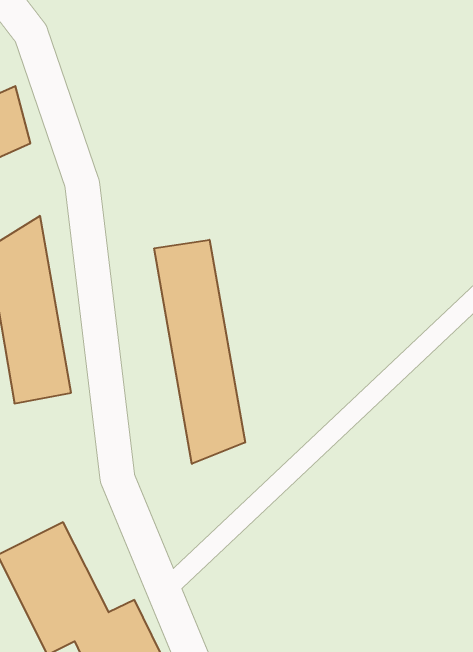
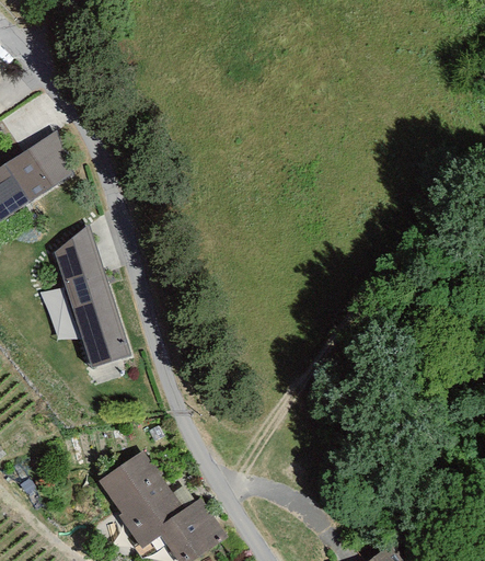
building: [154,240,245,464] -> none

